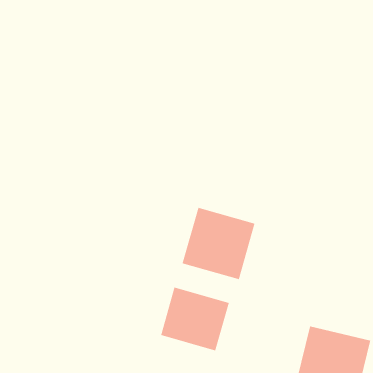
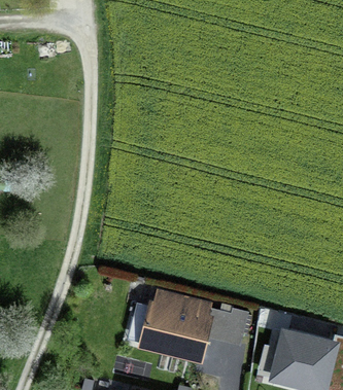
building: [182,207,256,280] -> none

